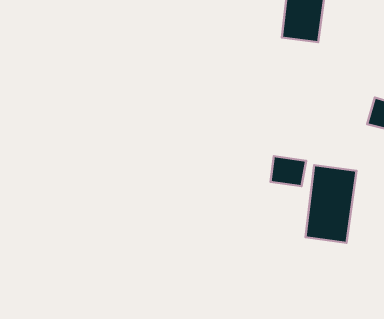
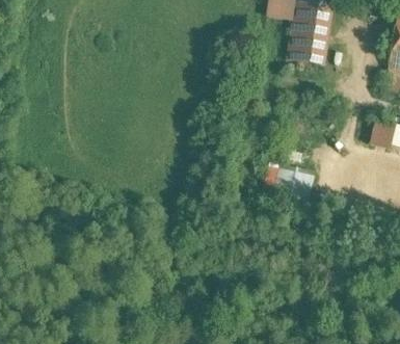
building: [305,165,356,243] -> none

